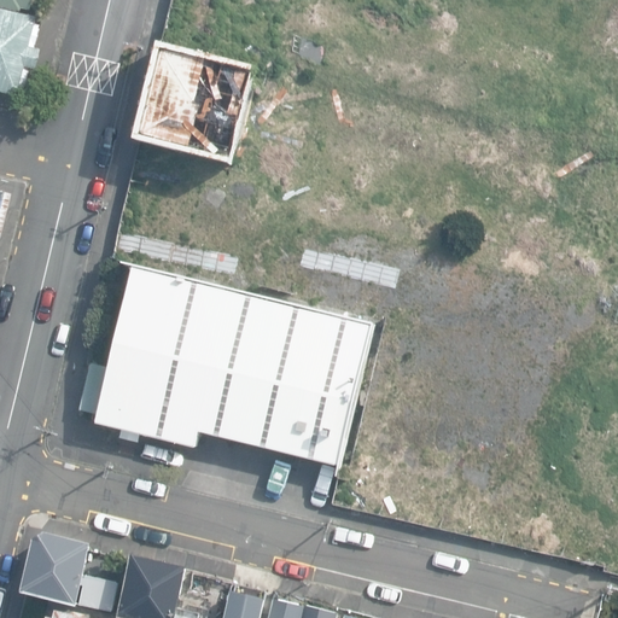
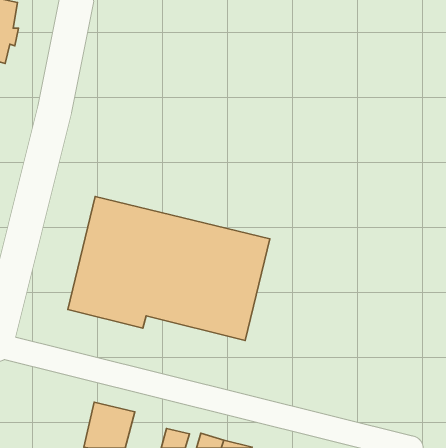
building: [135,45,250,167] -> none
building: [25,529,113,606] -> none

